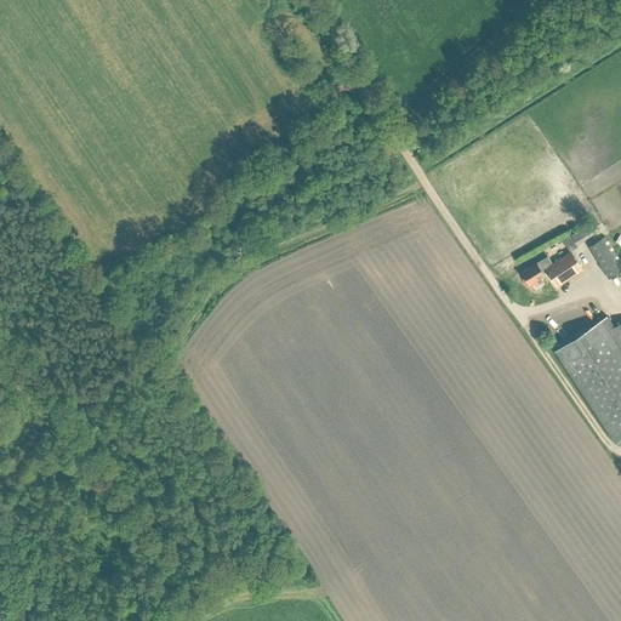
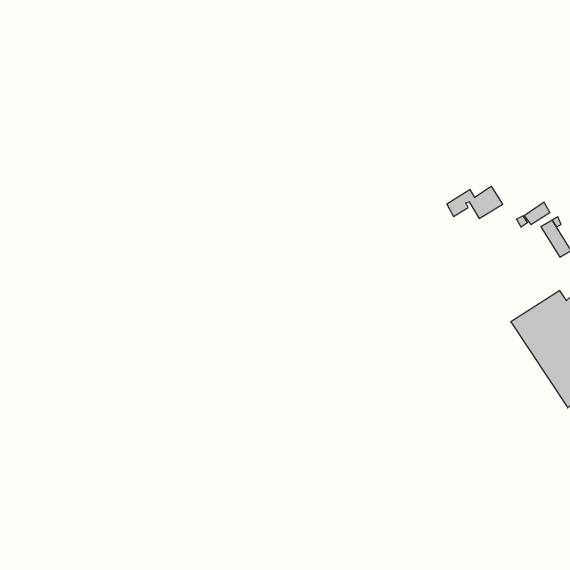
building: [523,252,583,287] -> [447,186,503,219]

